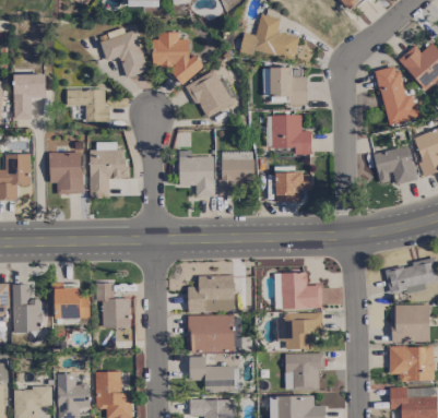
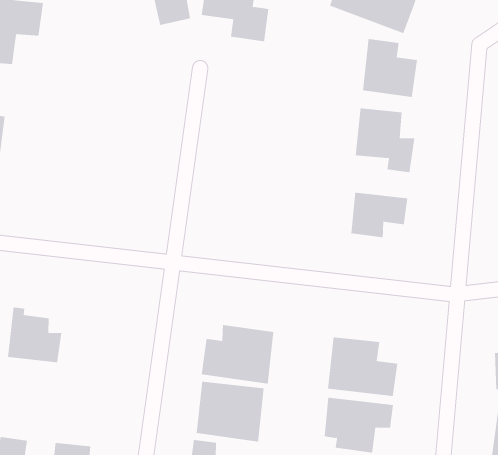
building: [187,70,233,119] -> none
building: [67,88,109,121] -> none
building: [90,150,127,198] -> none
building: [179,150,214,196] -> none
building: [49,152,83,193] -> none
building: [220,152,254,195] -> none
building: [96,282,130,327] -> none

